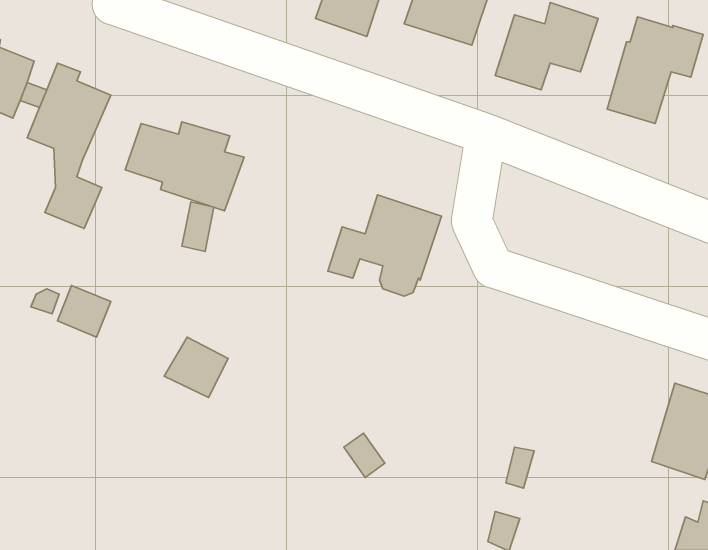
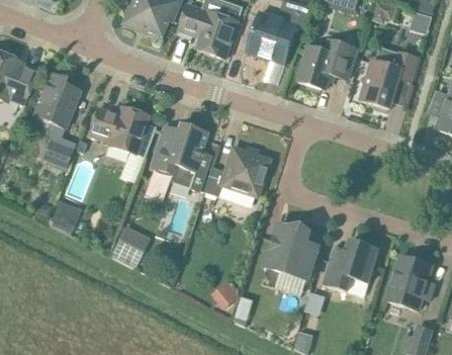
building: none -> [150,123,215,193]
building: none -> [265,224,319,279]
building: none -> [322,239,379,290]

